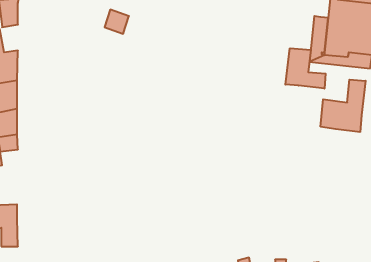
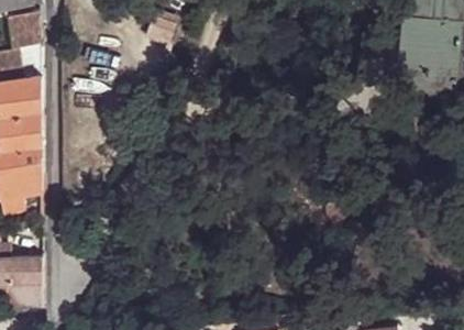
building: [285,48,326,89] -> none
building: [321,80,366,132] -> none

